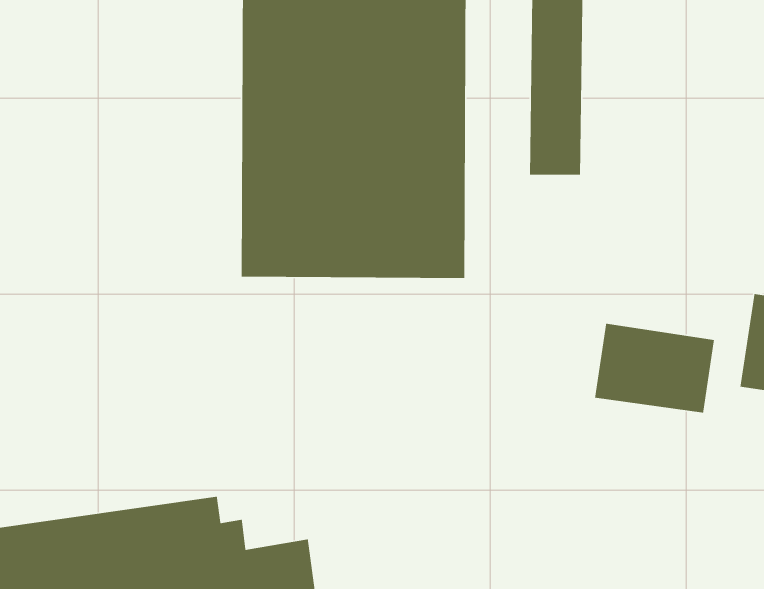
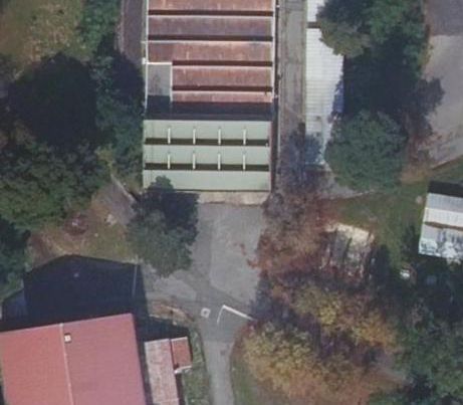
building: [594,323,715,413] -> none

